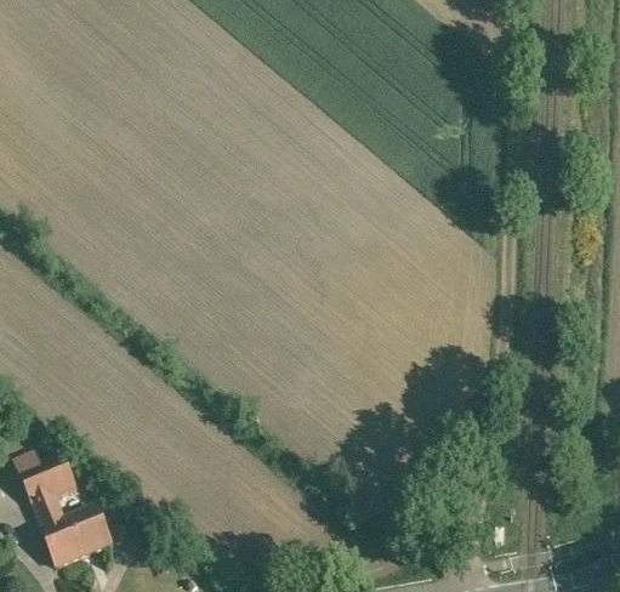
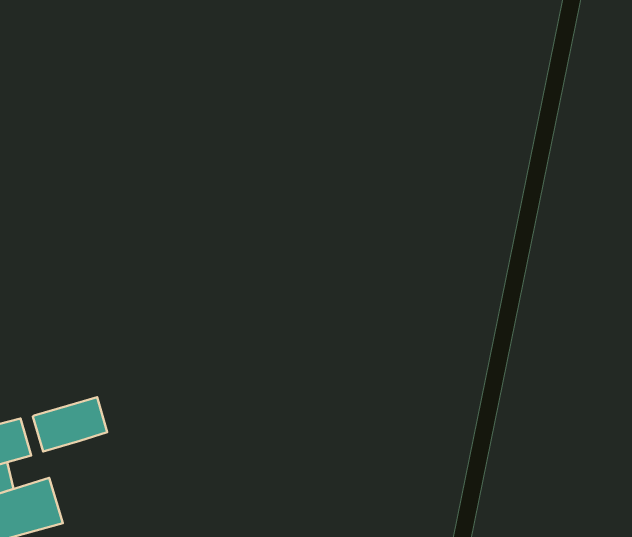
building: none -> [33,397,107,452]

